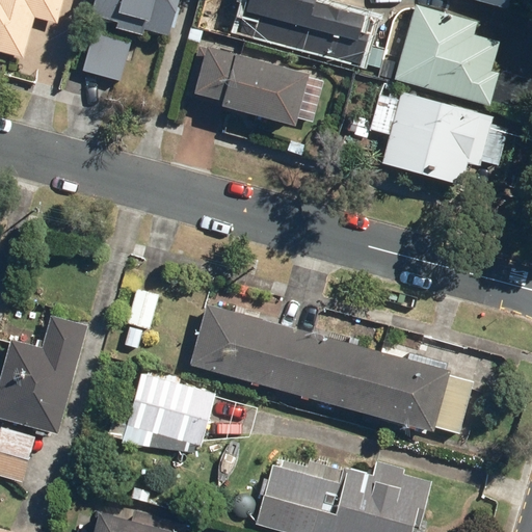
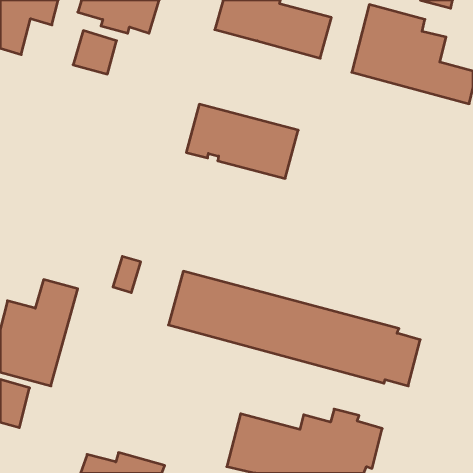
building: [184,46,310,129] -> [186,104,298,178]
building: [381,94,526,189] -> none
building: [119,371,256,466] -> none

